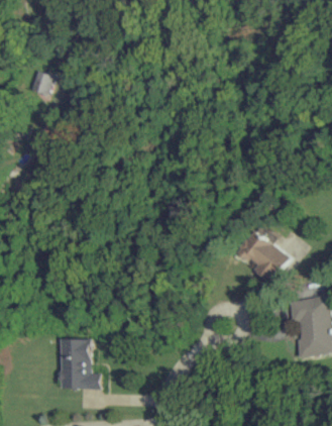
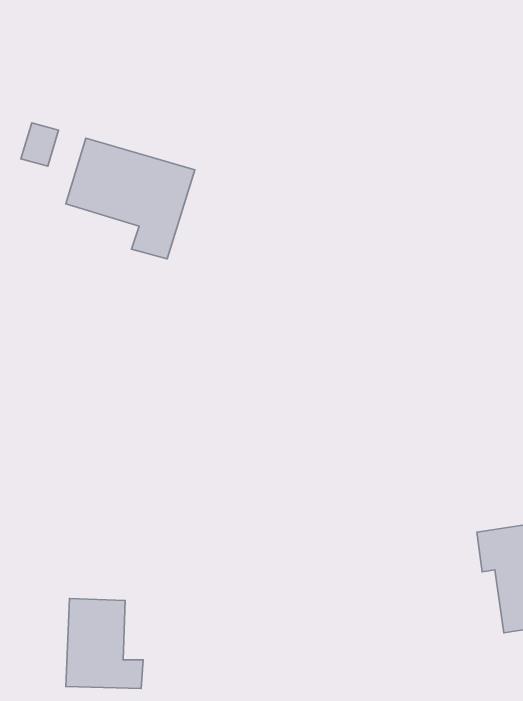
building: none -> [66,138,195,259]
building: [237,231,288,283] -> none

